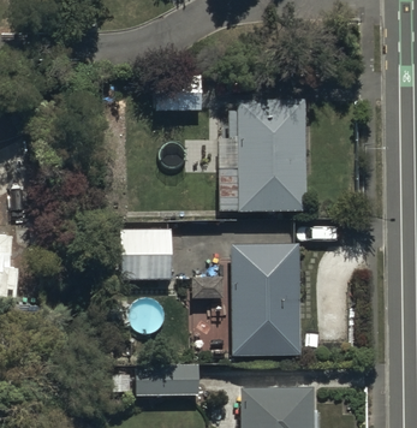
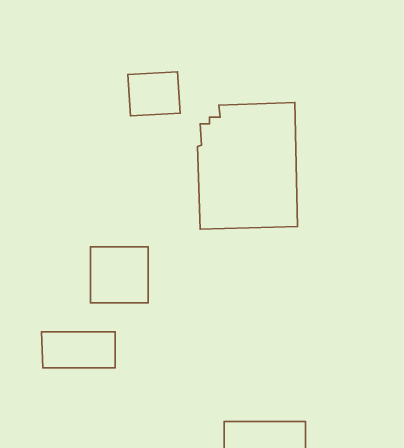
building: [227,240,300,356] -> none
building: [133,363,199,396] -> [42,332,115,368]

